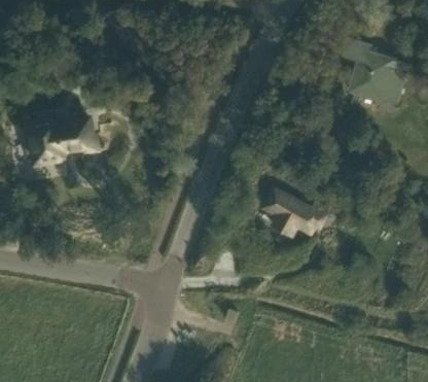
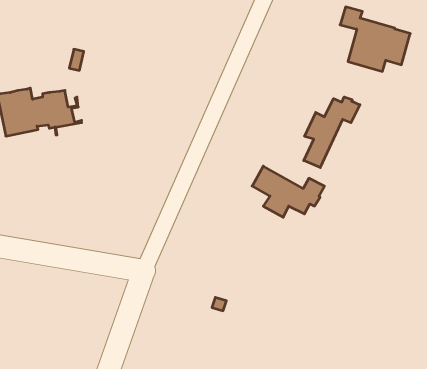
building: none -> [304,97,360,168]

